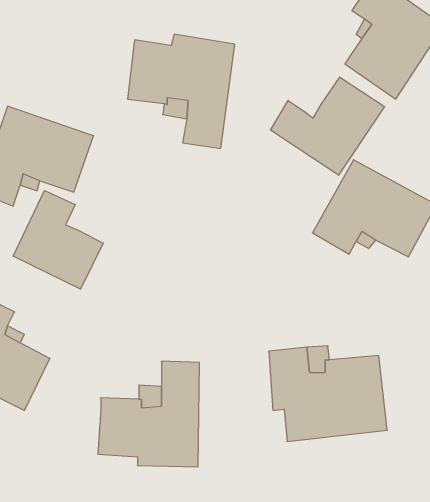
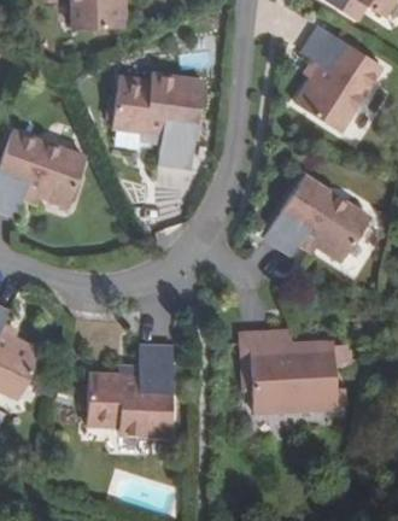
building: [271,77,385,175] -> none
building: [13,191,103,289] -> none

